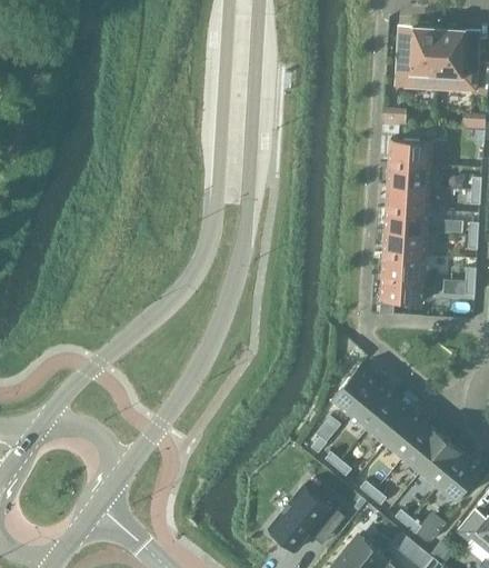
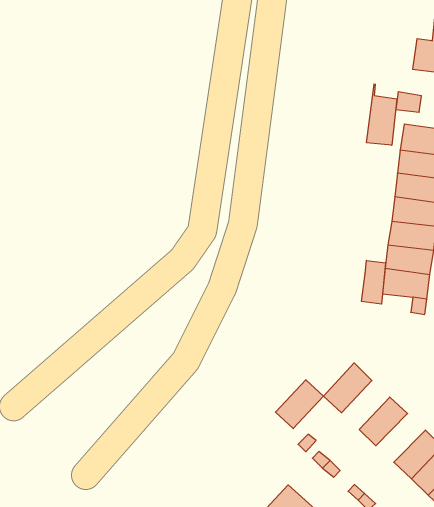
building: none -> [367,84,397,145]
building: none -> [362,260,385,304]
building: [349,382,393,429] -> [275,380,324,429]
building: [383,411,429,458] -> none

